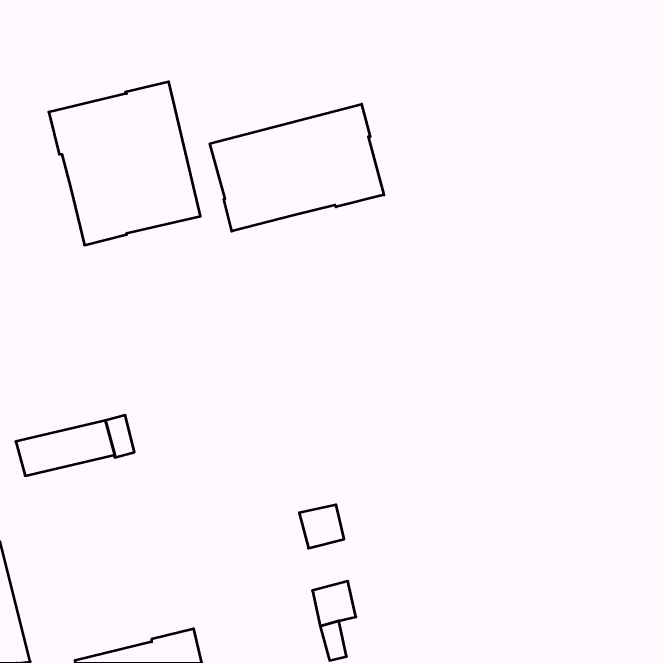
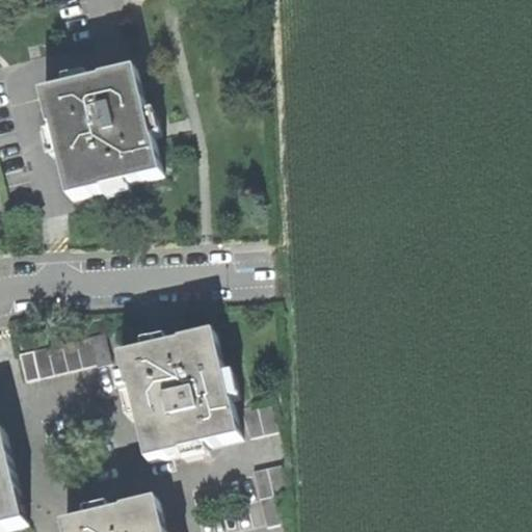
building: [210,104,384,231] -> none
building: none -> [116,327,235,457]

